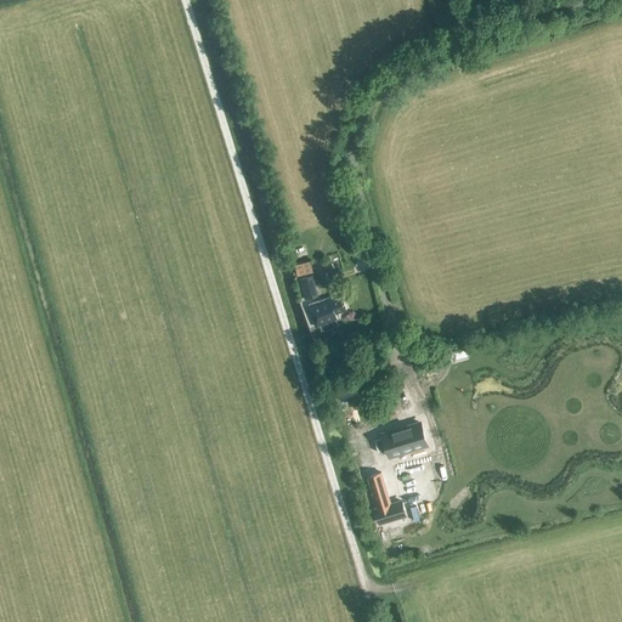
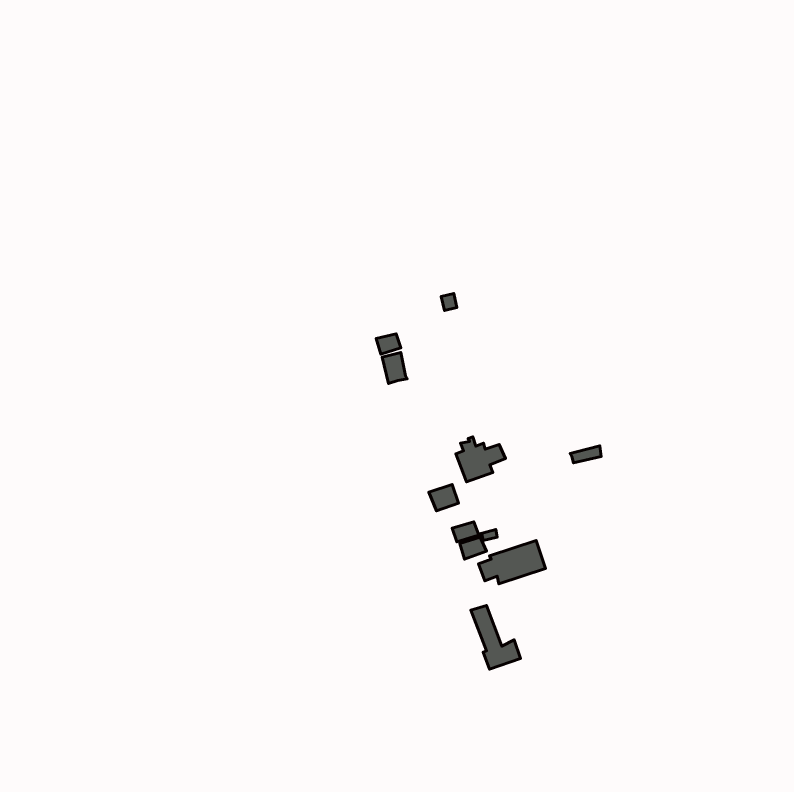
building: [307,294,346,329] -> [456,437,505,482]

